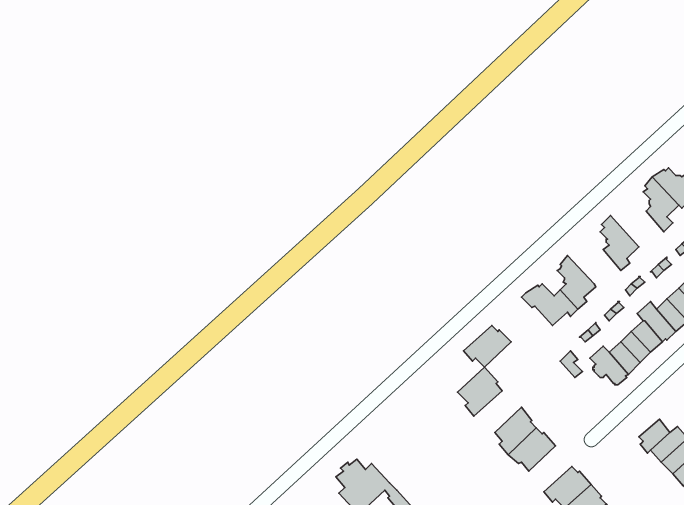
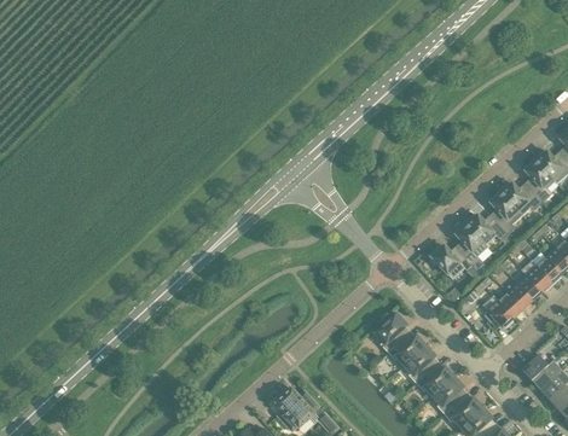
building: none -> [500,182,544,215]
building: none -> [465,215,509,245]
building: [464,325,511,367] -> [389,332,428,366]
building: none -> [434,377,469,414]

